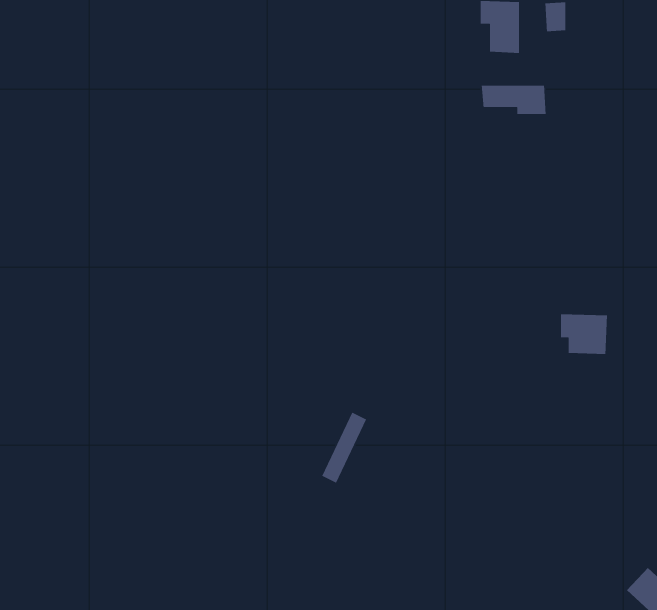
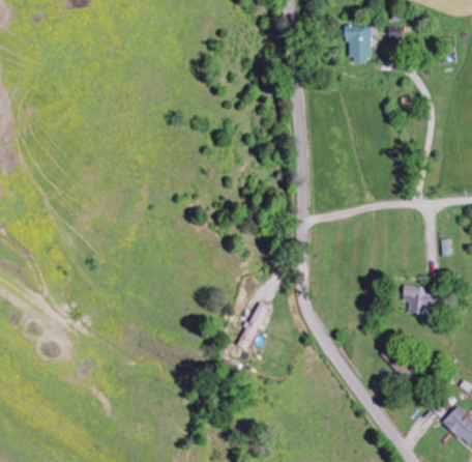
building: [481,85,547,115] -> none
building: [560,313,608,355] -> [404,285,436,313]

